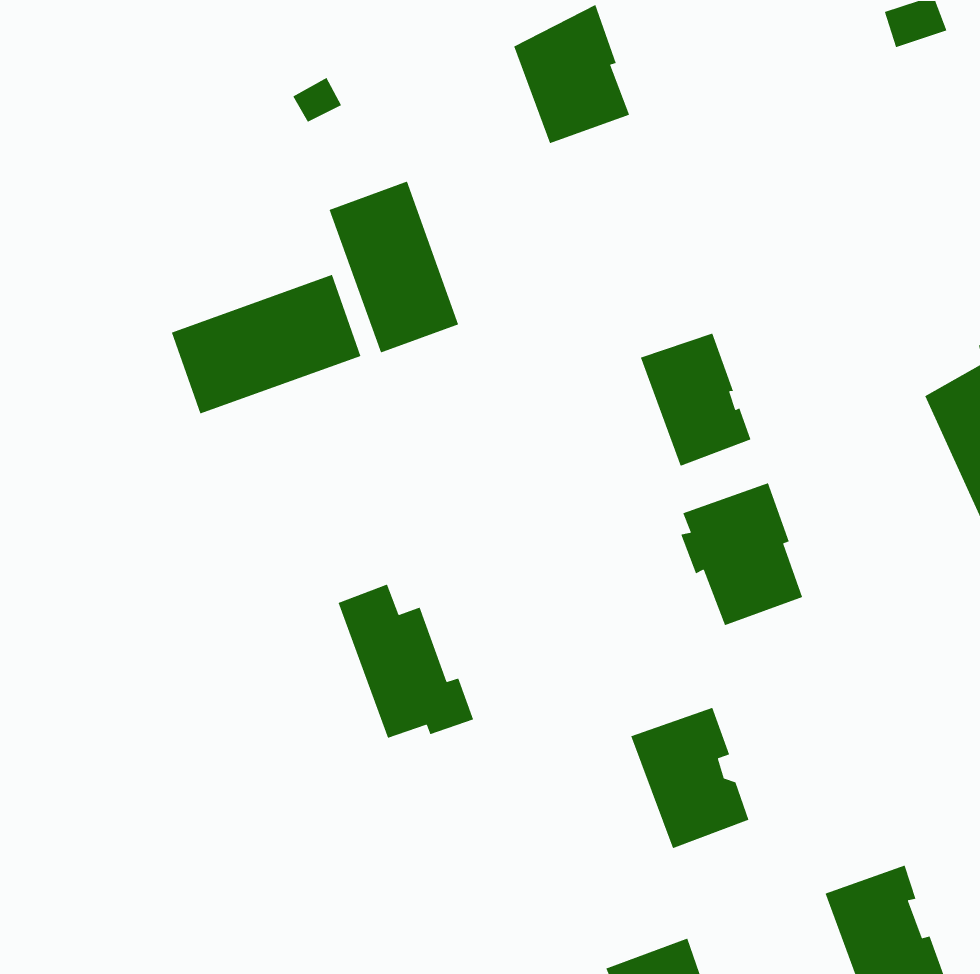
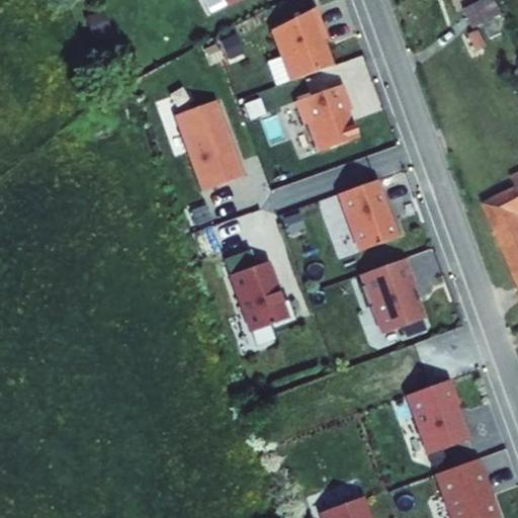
building: none -> [296,83,358,151]
building: [171,274,362,415] -> none
building: [338,583,474,739] -> [224,249,295,331]
building: [630,707,749,849] -> [406,380,468,455]

